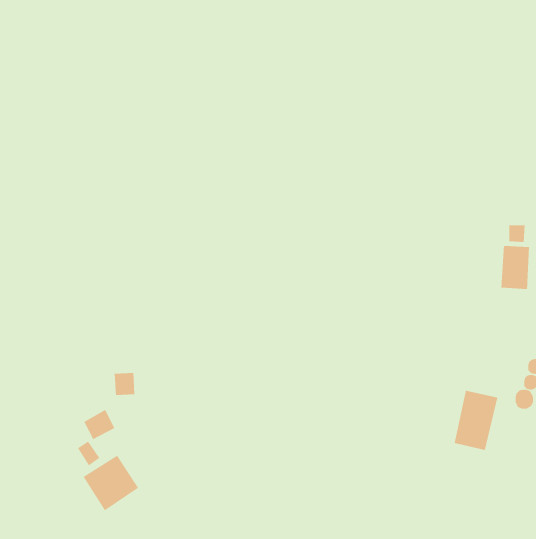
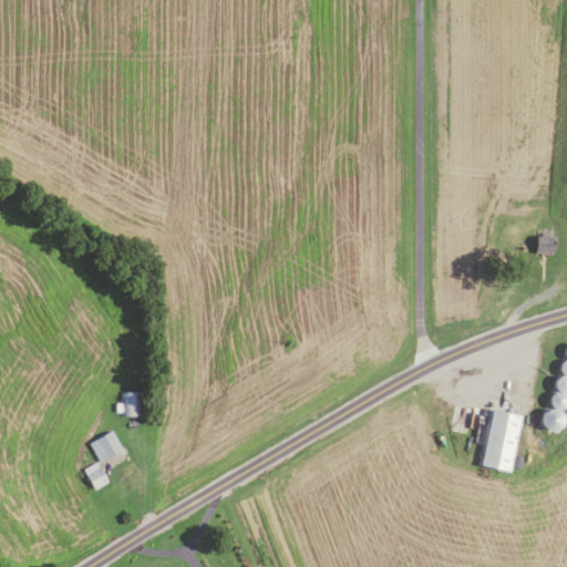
building: [501,245,530,290] -> none
building: [83,455,139,511] -> none

